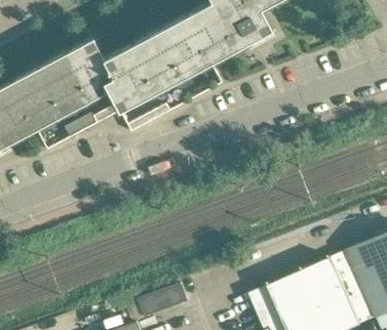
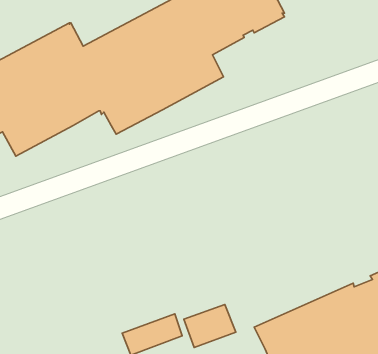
building: none -> [184,305,236,348]

